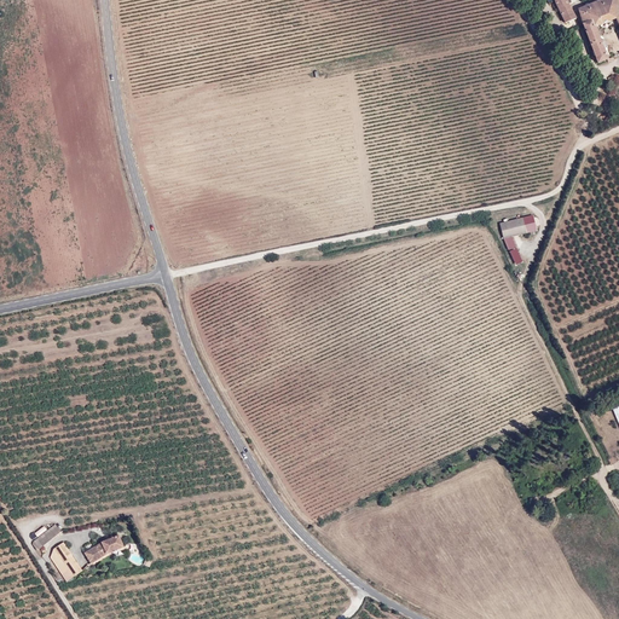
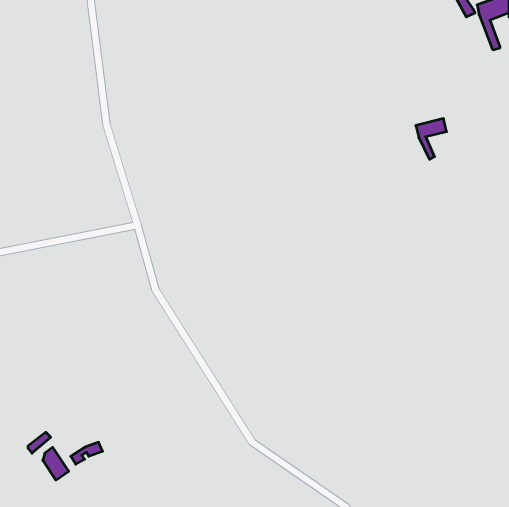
building: [499,213,537,262] -> [416,119,447,159]

